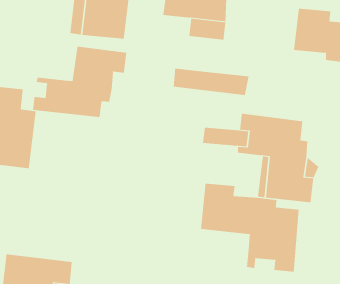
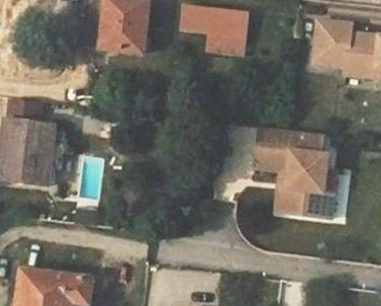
building: [33,46,127,118] -> none
building: [173,68,249,96] -> none
building: [200,183,299,272] -> none

